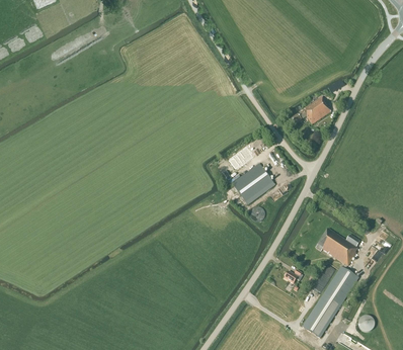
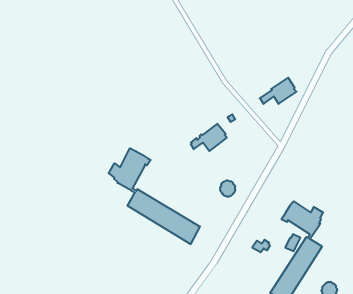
building: [232,163,274,203] -> none
building: none -> [109,148,200,244]

